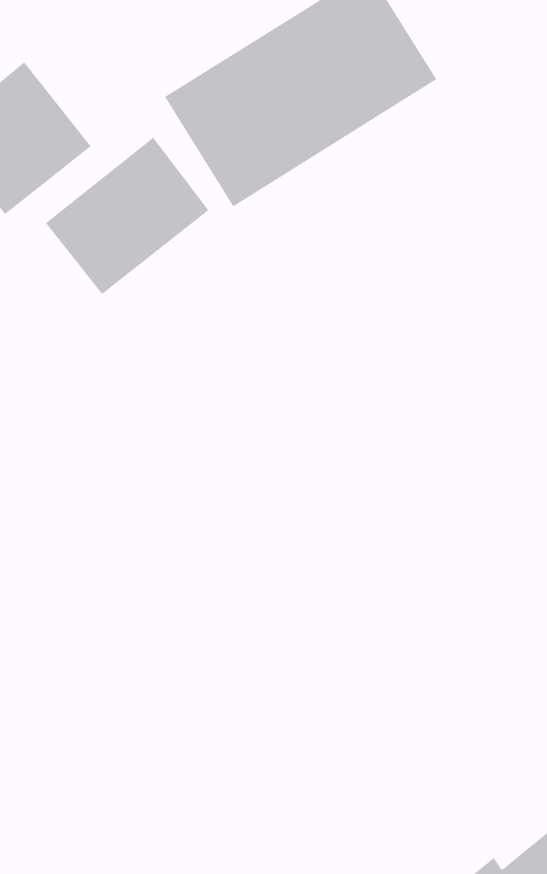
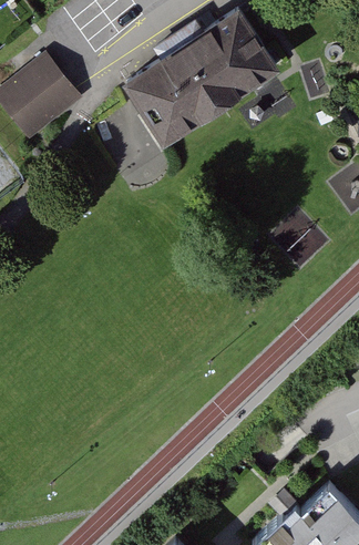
building: [45,137,209,295] -> none

